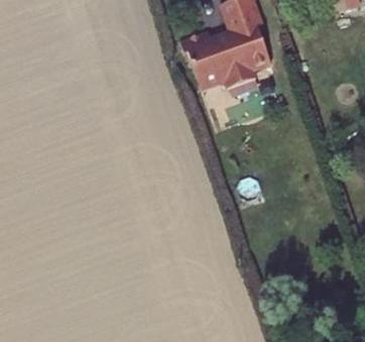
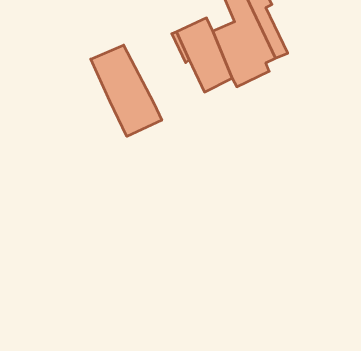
building: none -> [91,45,162,136]

